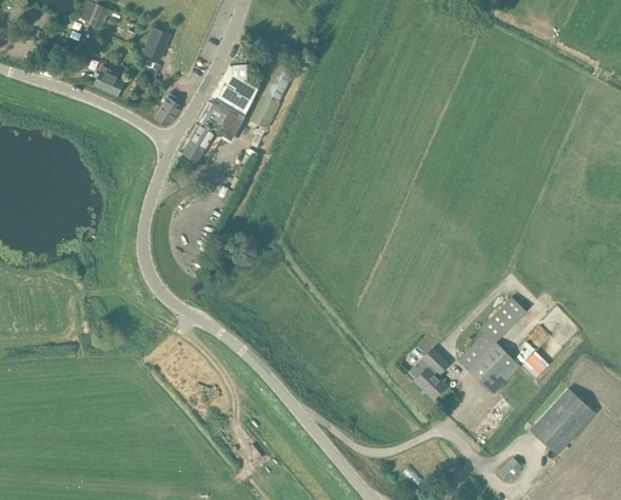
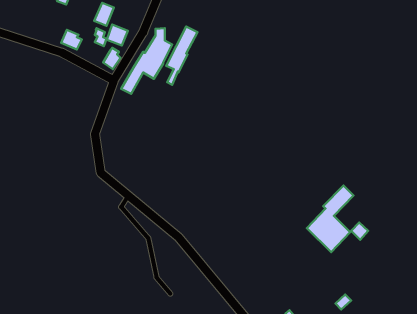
building: none -> [107,25,128,46]
building: [410,348,449,398] -> none
building: [529,386,596,455] -> none

